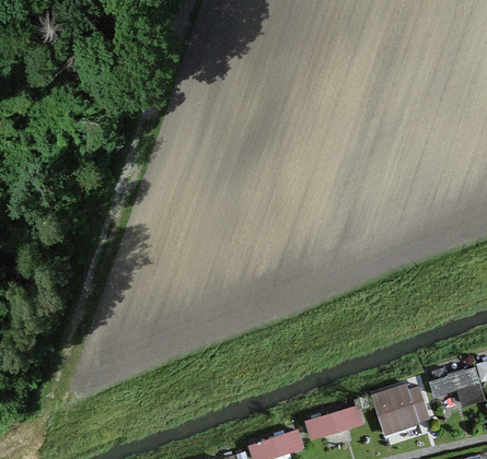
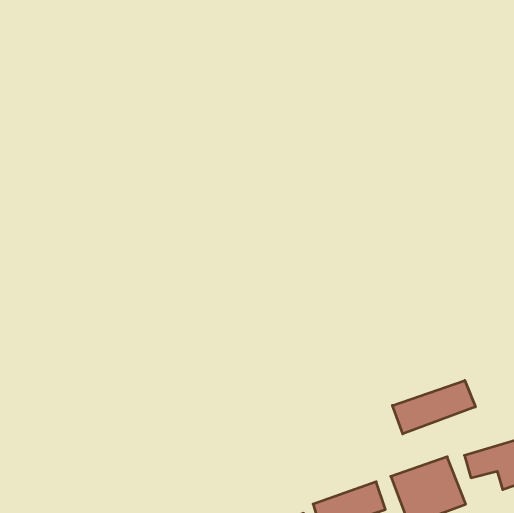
building: none -> [392,380,475,434]

